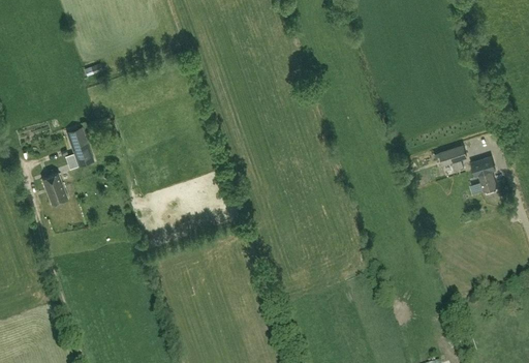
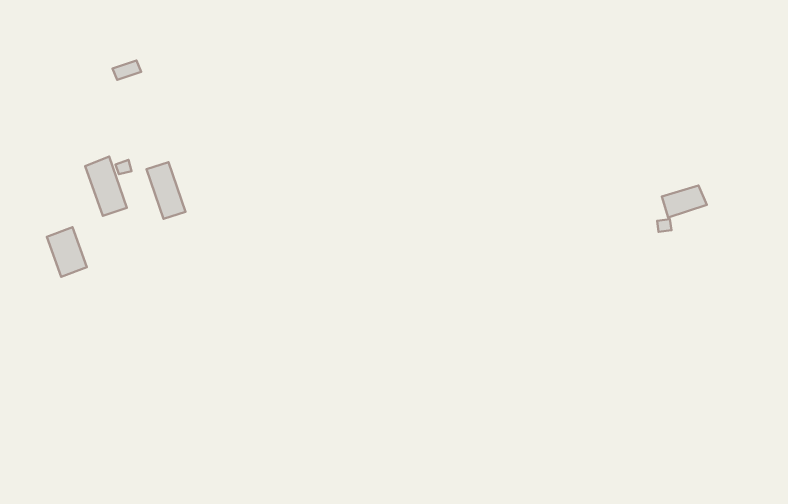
building: none -> [146,162,186,219]
building: [470,156,496,192] -> none

